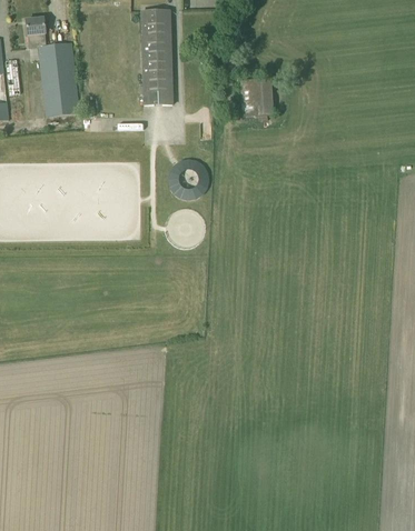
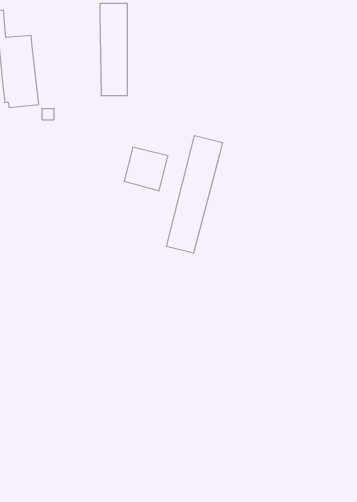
building: [241,78,274,116] -> none
building: none -> [167,136,222,253]

